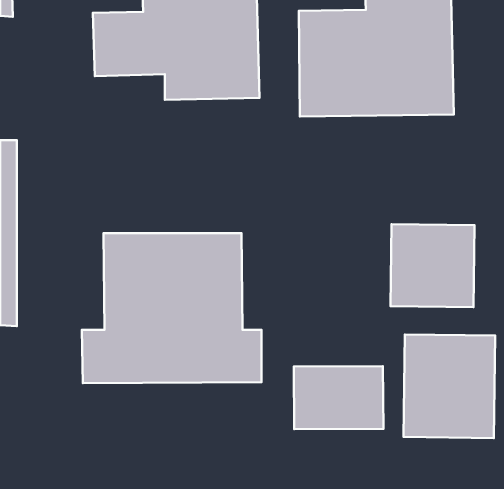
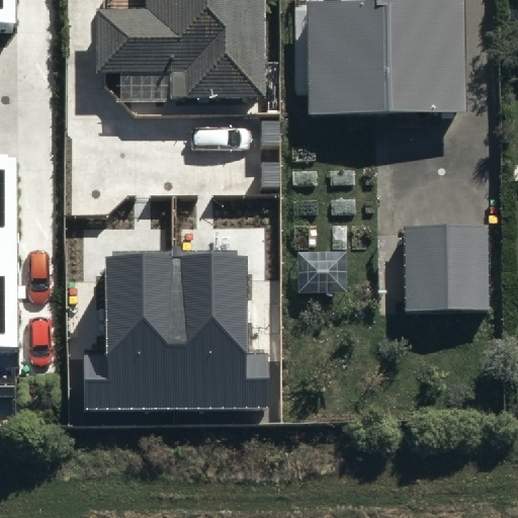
building: [404,335,495,438] -> none
building: [294,366,383,429] -> none

